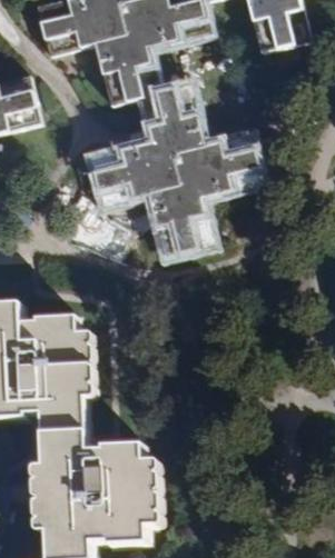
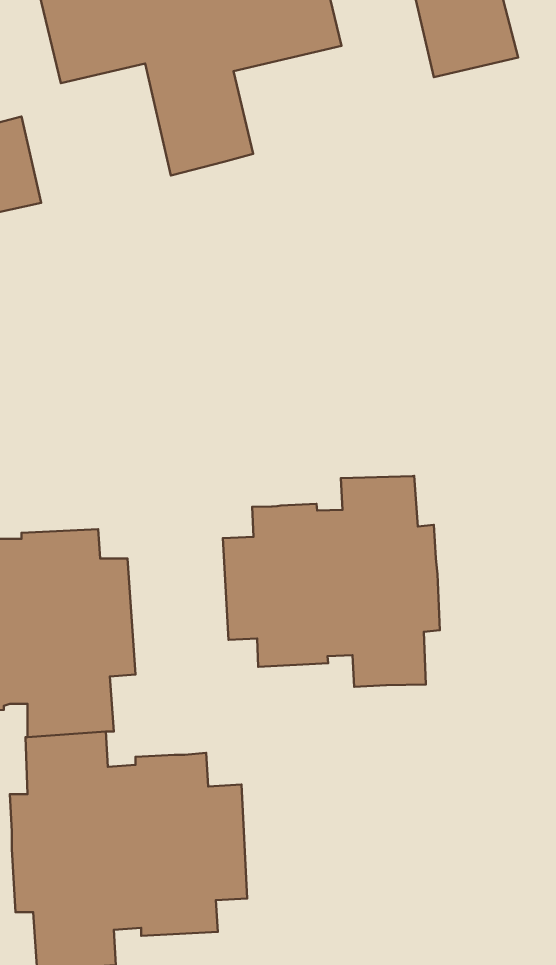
building: [96,89,272,255] -> none
building: none -> [223,476,440,687]

